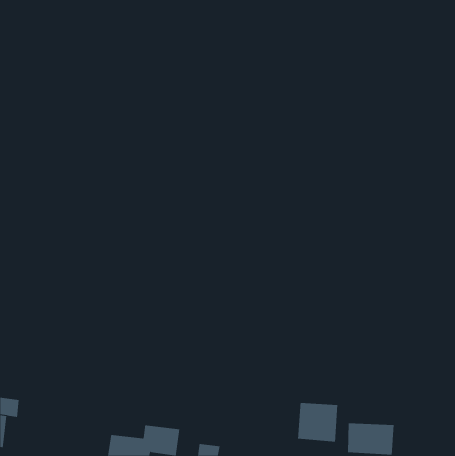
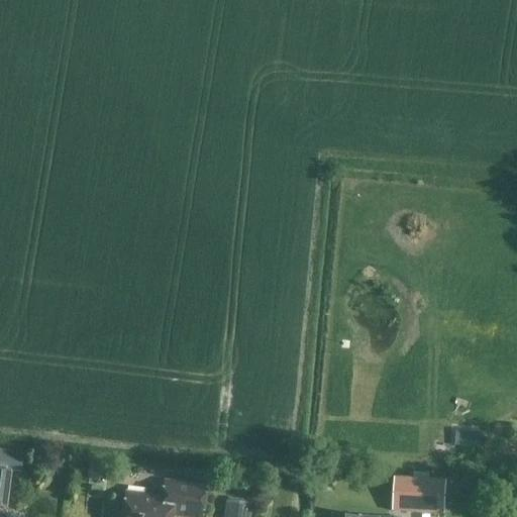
building: [297,402,338,442] -> none

